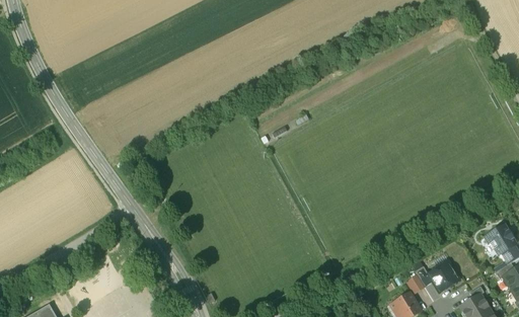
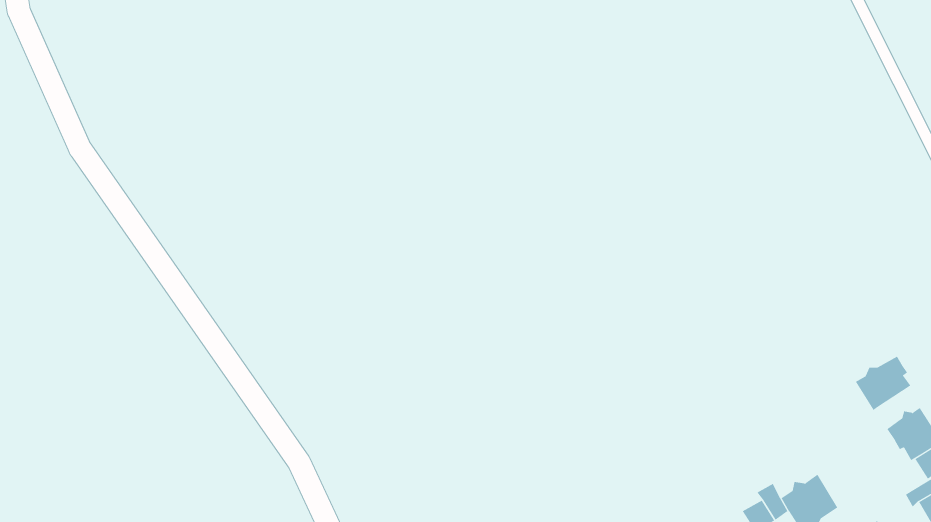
building: none -> [855,356,911,411]

